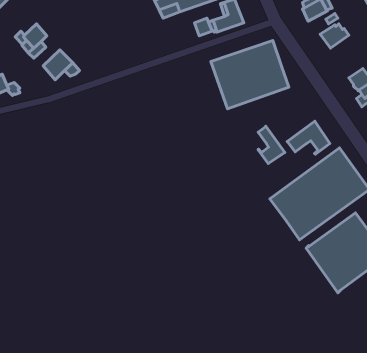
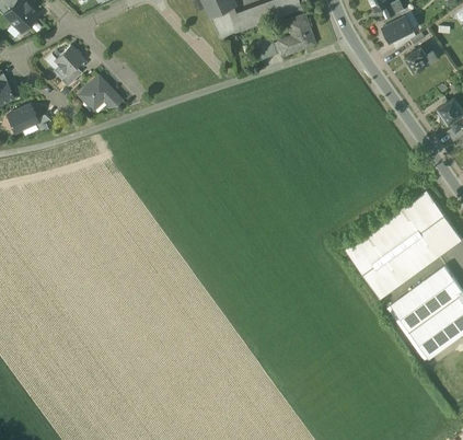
building: [211,40,289,109] -> none
building: [287,121,330,154] -> none
building: [258,126,285,163] -> none

